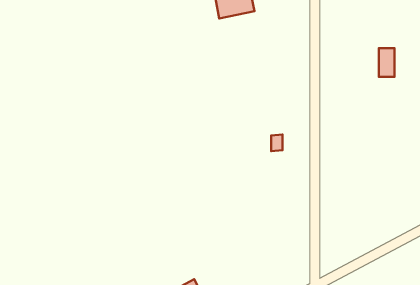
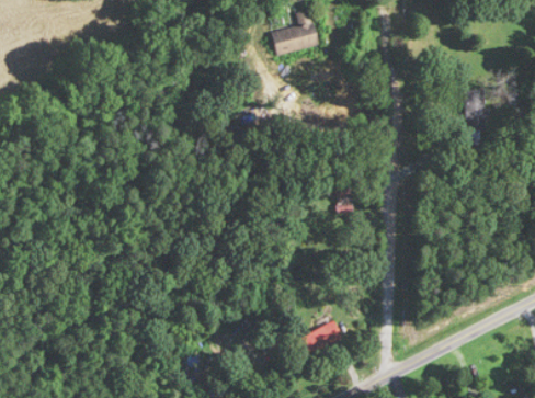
building: none -> [296,321,341,355]

